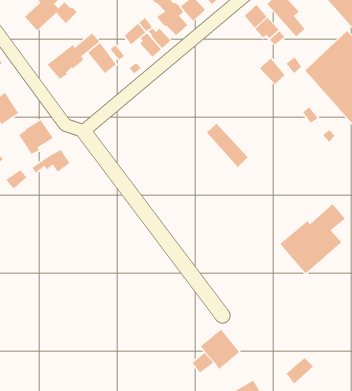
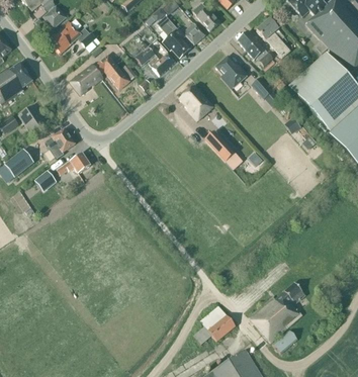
building: none -> [215,56,248,89]
building: none -> [179,85,213,121]
building: [279,203,346,275] -> [249,282,305,343]

